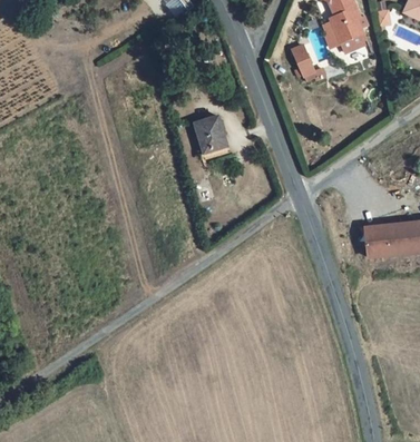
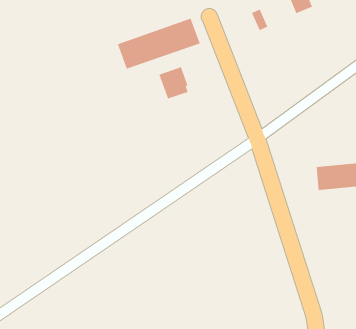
building: none -> [117,18,200,70]

